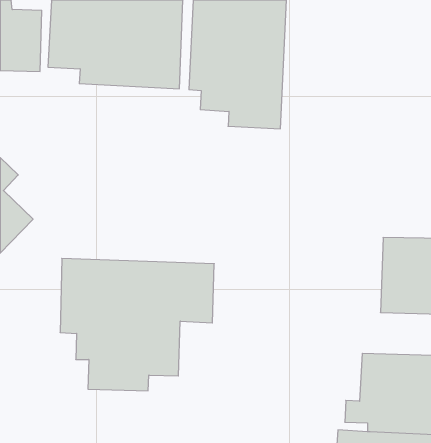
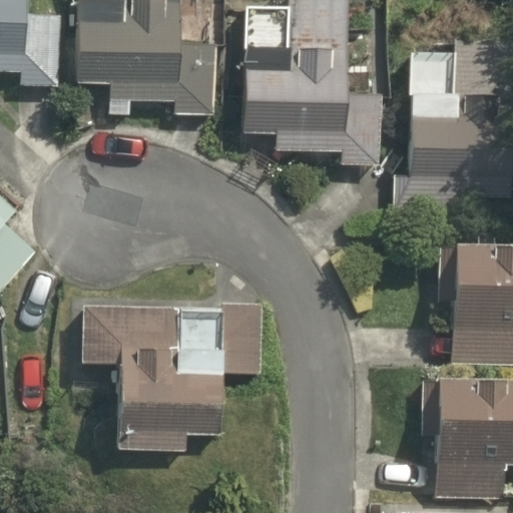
building: none -> [402,33,508,177]

